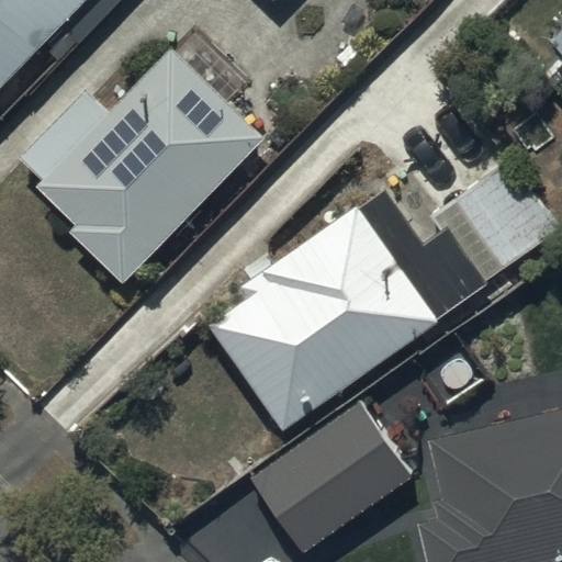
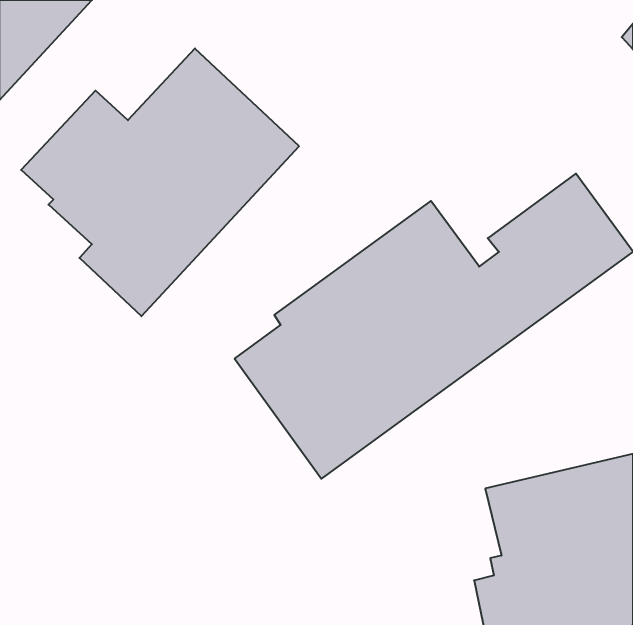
building: [250,404,411,554] -> none

